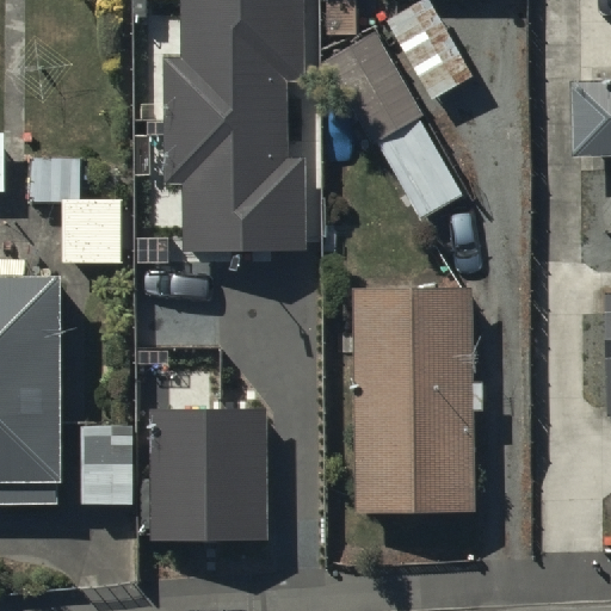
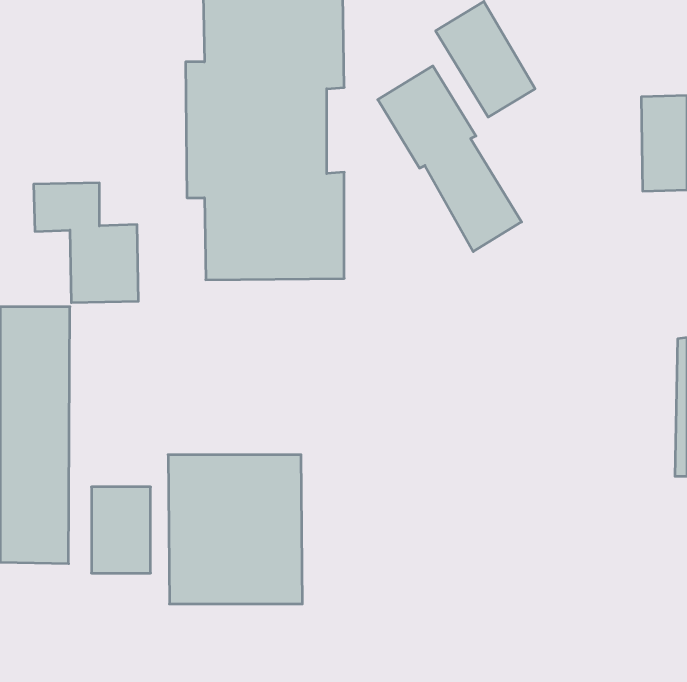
building: [354,292,469,518] -> none

